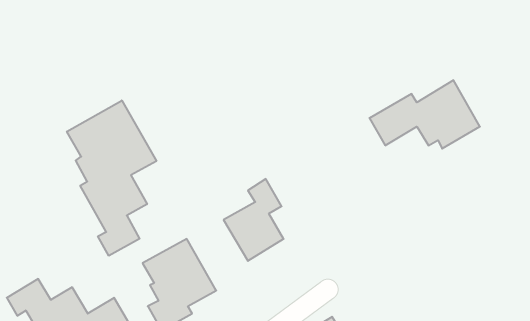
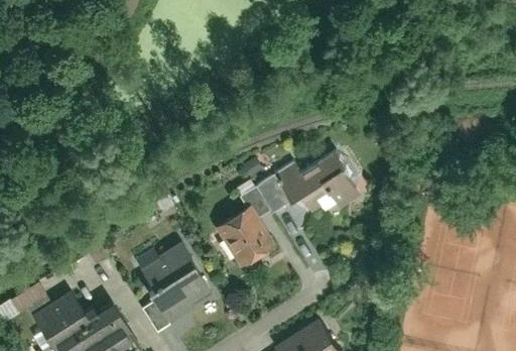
building: [369,80,480,149] -> [256,150,362,216]
building: [67,100,156,256] -> none

